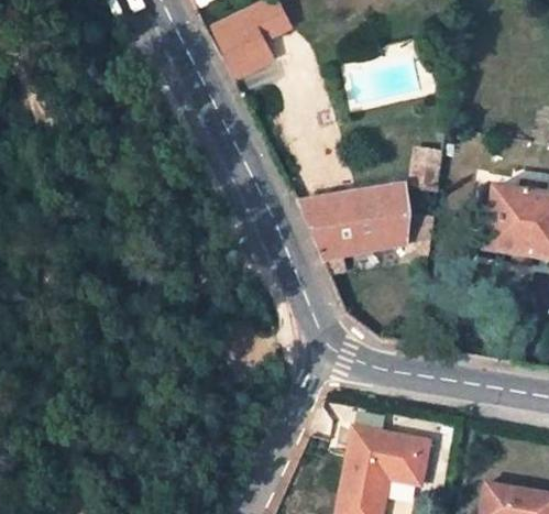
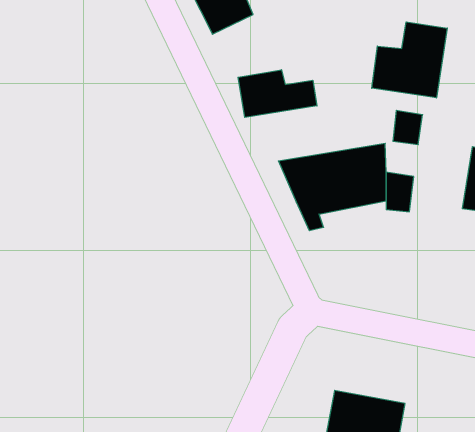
building: none -> [372,22,447,98]
building: none -> [238,70,317,117]

